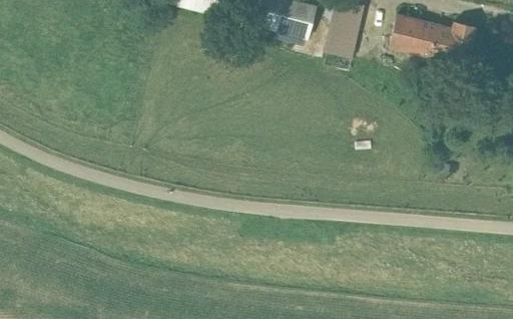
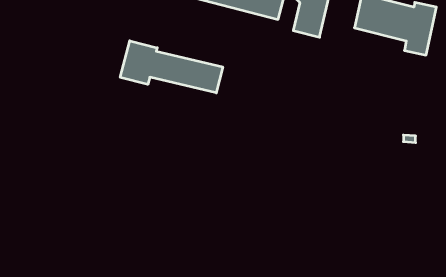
building: none -> [120,41,223,93]

